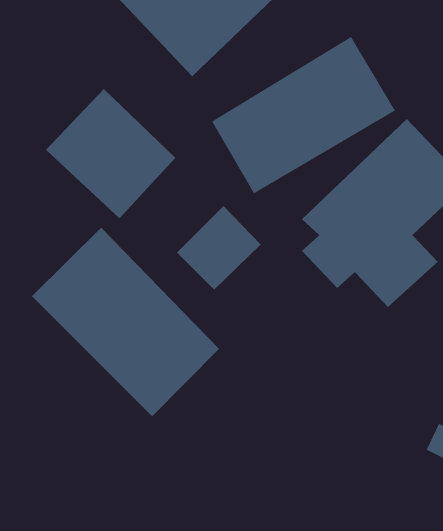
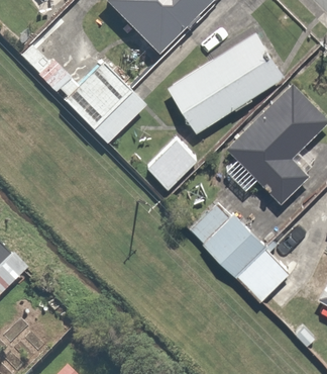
building: [31,227,220,417] -> none
building: none -> [186,196,294,306]

